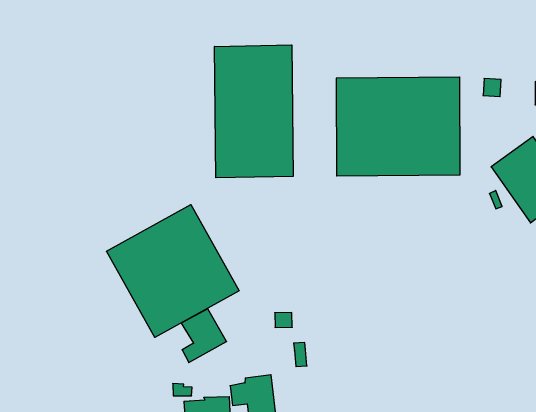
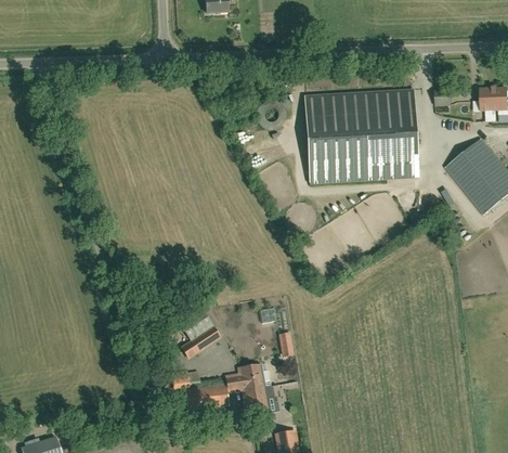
building: [215,45,293,178] -> none
building: [106,205,239,337] -> none

